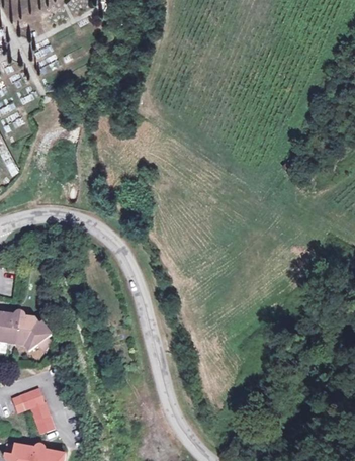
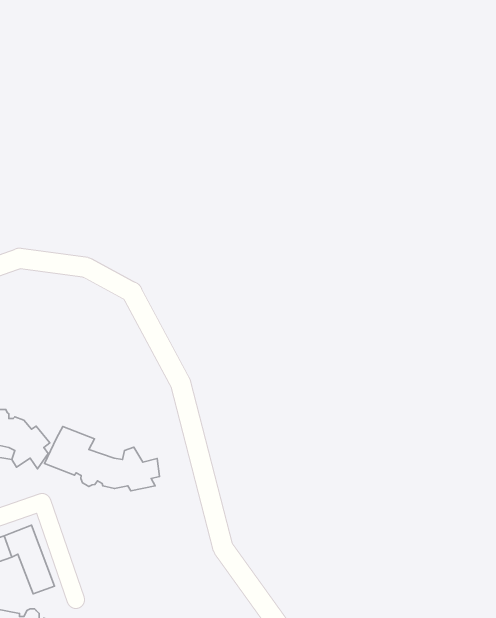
building: none -> [44,427,160,491]

